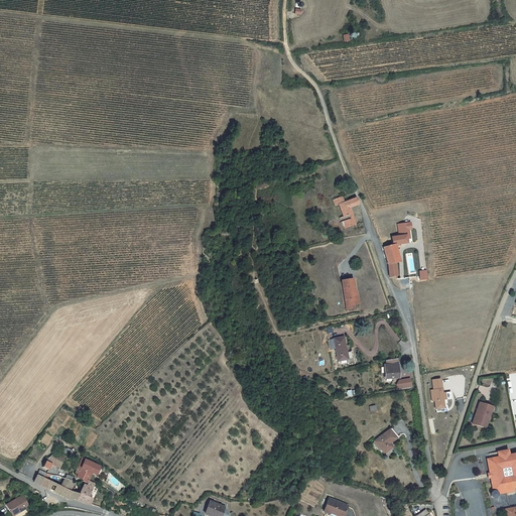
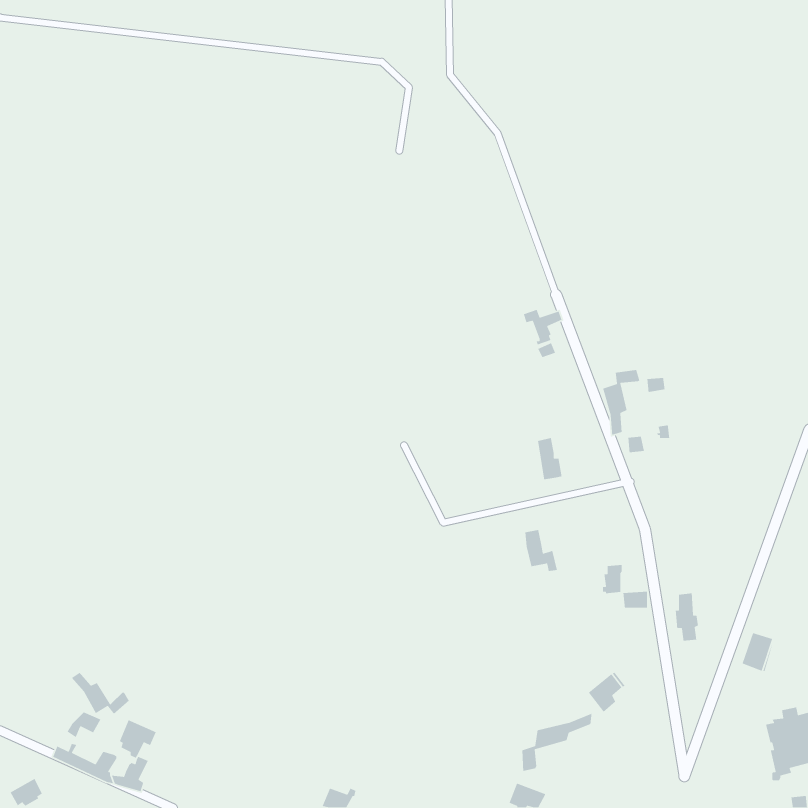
building: none -> [71,672,130,715]
building: none -> [522,713,592,772]

